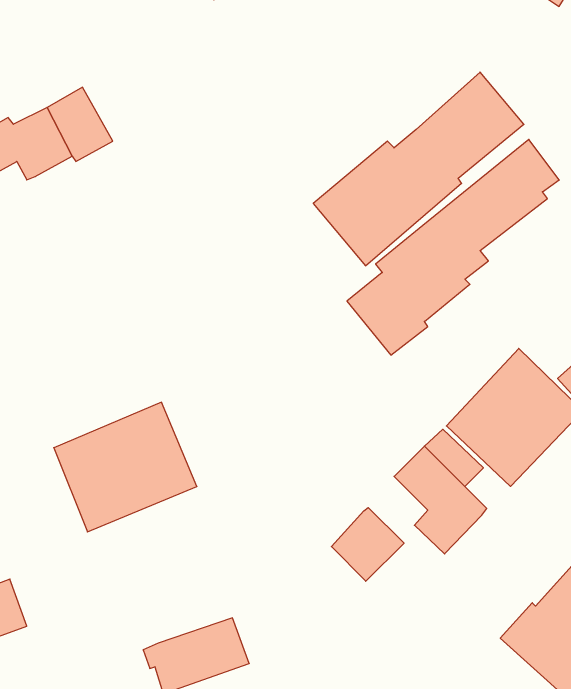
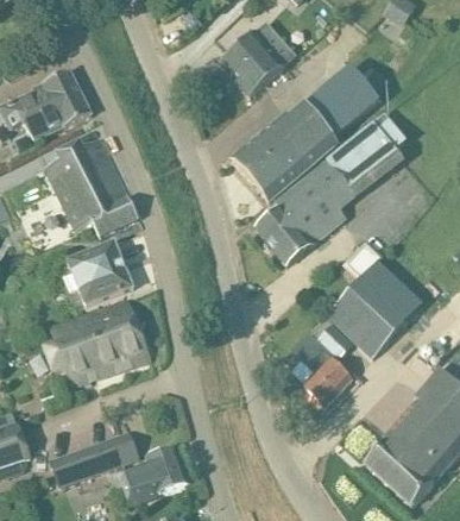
building: none -> [220,30,285,95]
building: none -> [44,142,137,234]
building: none -> [68,241,132,306]
building: [331,508,404,581] -> none
building: none -> [50,431,137,483]

